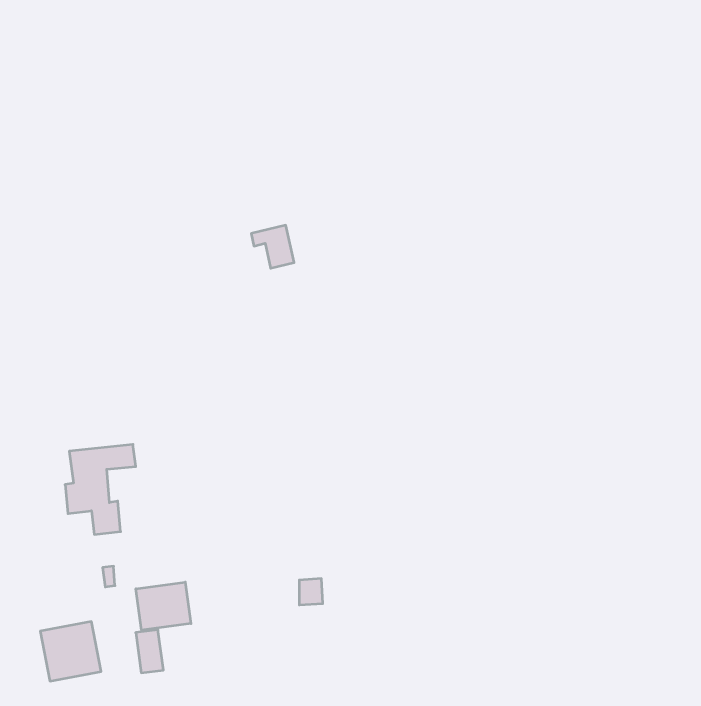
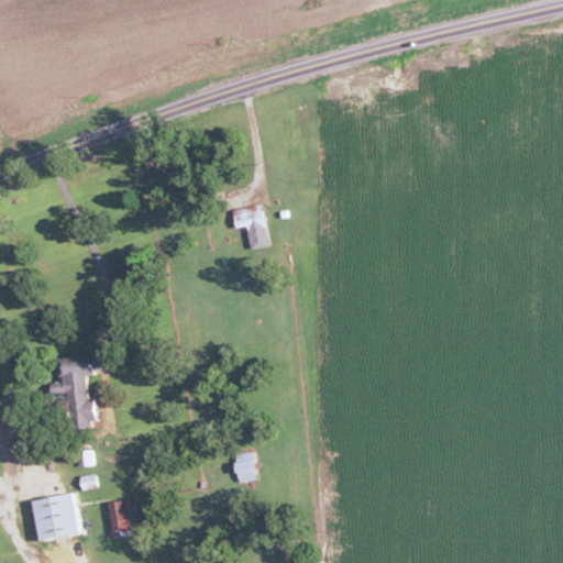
building: [251,225,294,268] -> [234,216,268,250]
building: [136,582,191,630] -> none

